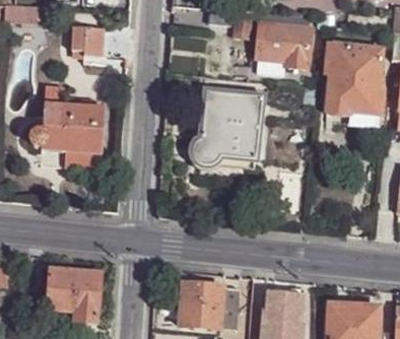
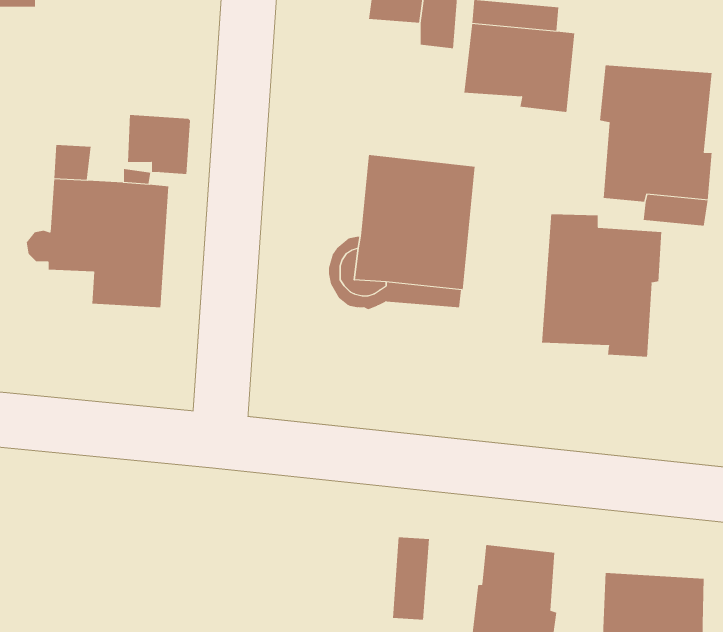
building: [72,26,105,57] -> [127,115,191,174]
building: none -> [541,214,662,358]
building: [46,269,99,323] -> none
building: [179,283,221,329] -> none

